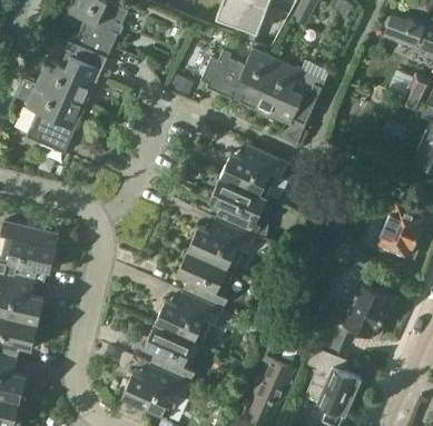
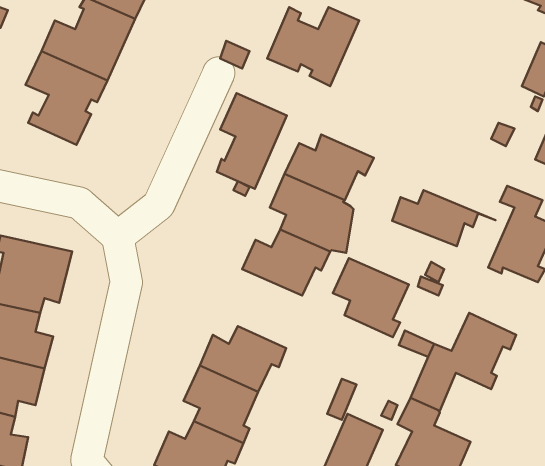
building: [254,58,323,123] -> none
building: none -> [217,93,287,189]
building: none -> [392,190,496,246]
building: [175,247,233,307] -> [333,258,409,337]

